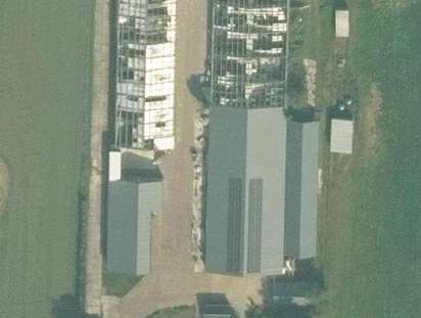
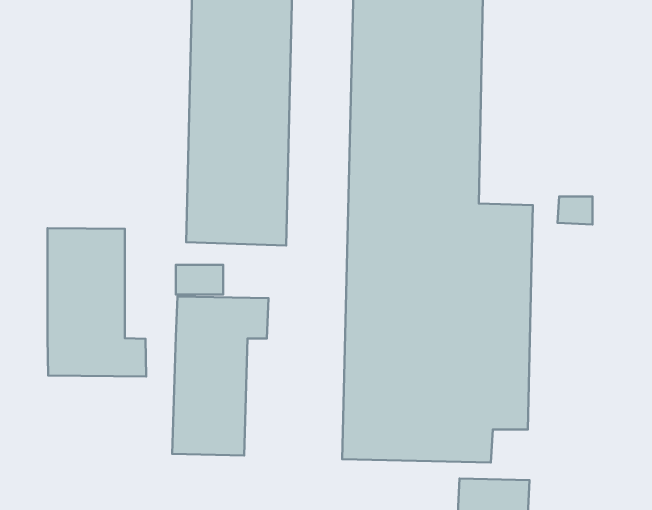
building: none -> [48,228,146,376]

